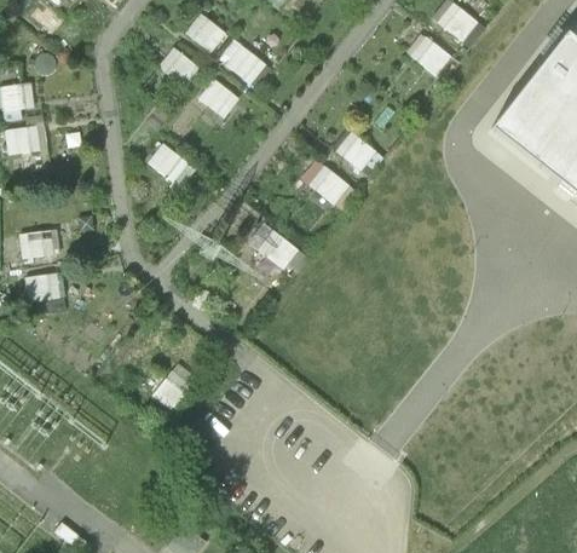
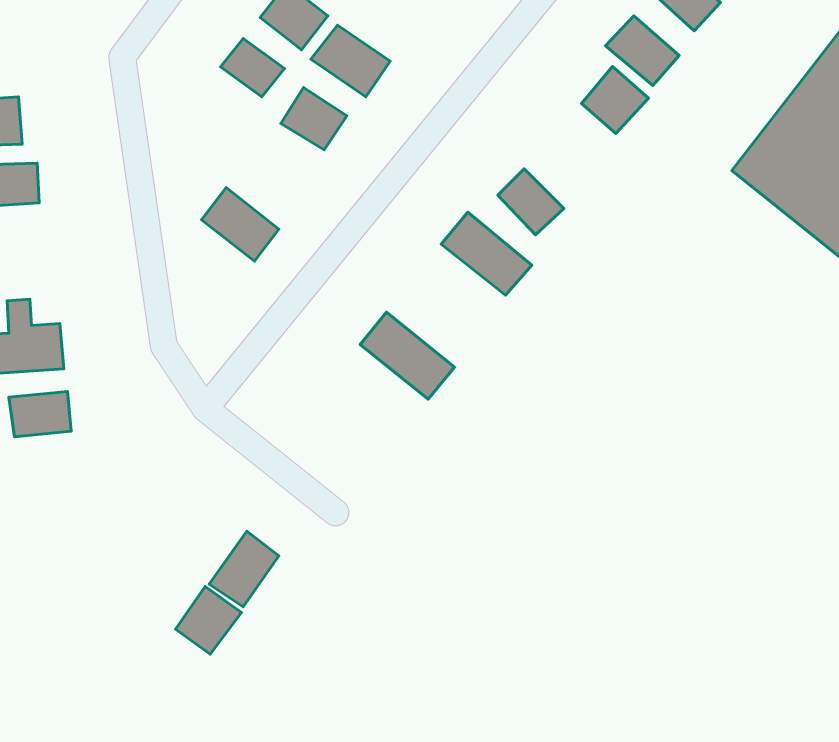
building: none -> [581,67,649,134]
building: none -> [175,586,242,654]

